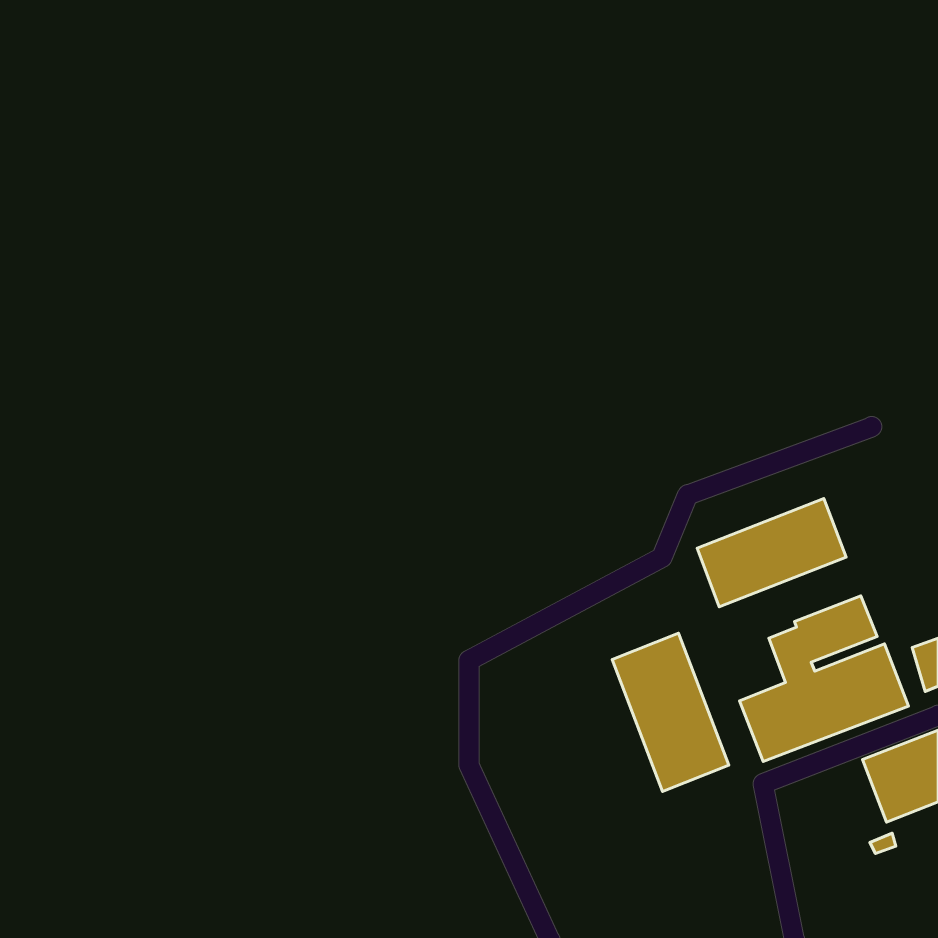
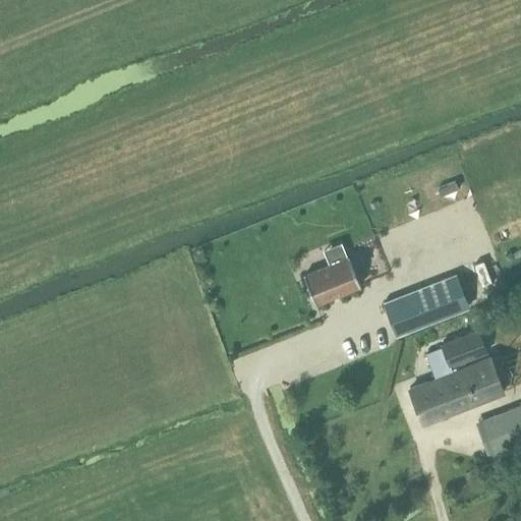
building: none -> [302,257,359,304]
building: [612,633,729,791] -> none

